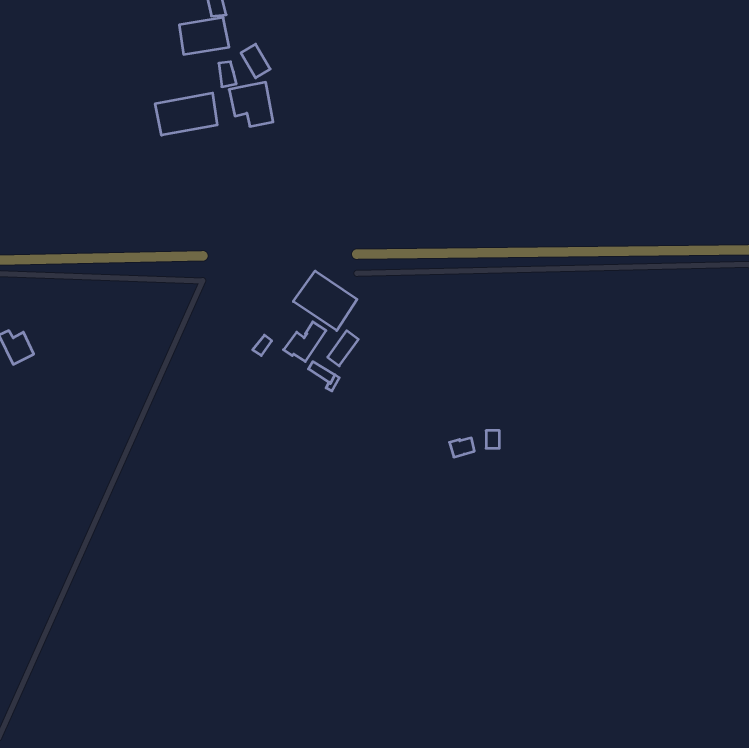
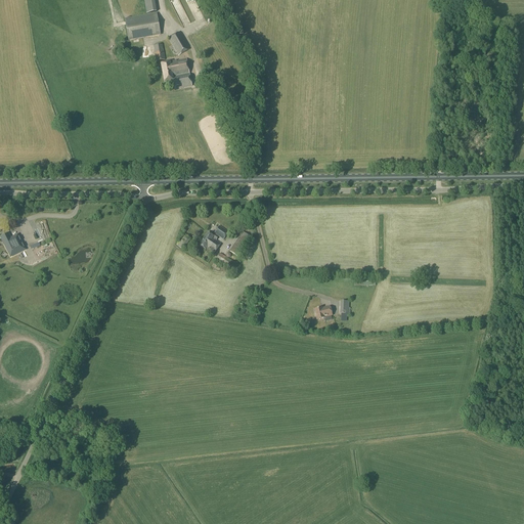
building: [155,93,217,135] -> none
building: [293,271,357,331] -> none

